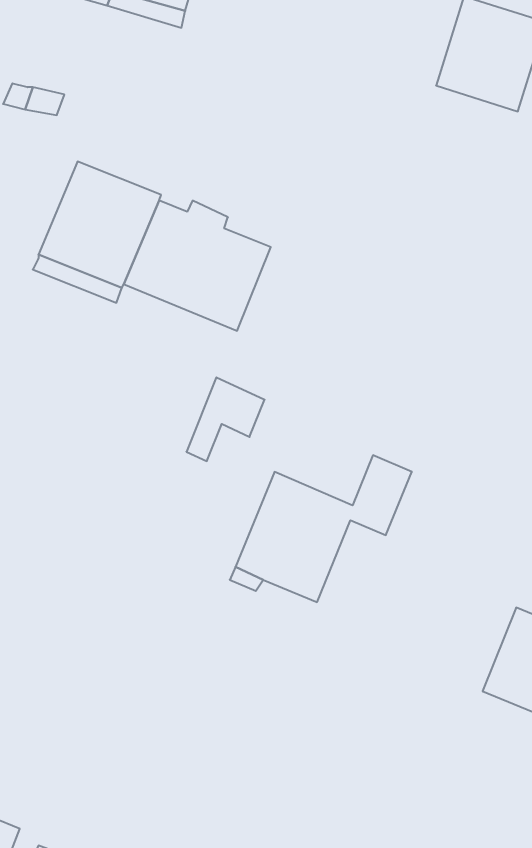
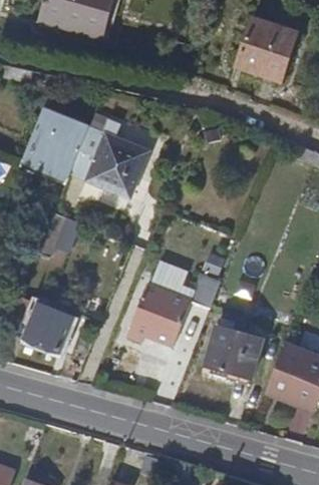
building: [186,377,265,461] -> [38,212,80,258]
building: none -> [8,299,73,351]
building: none -> [205,326,262,386]

